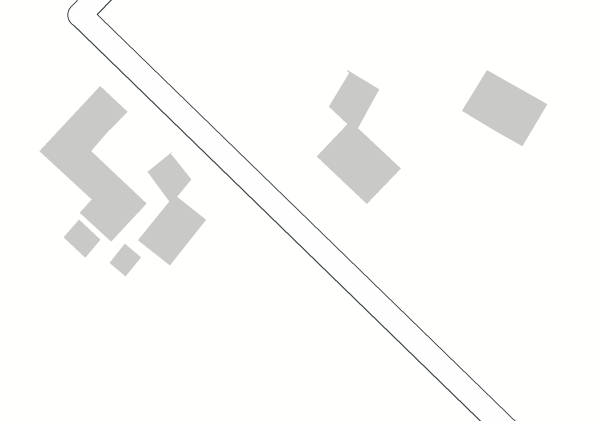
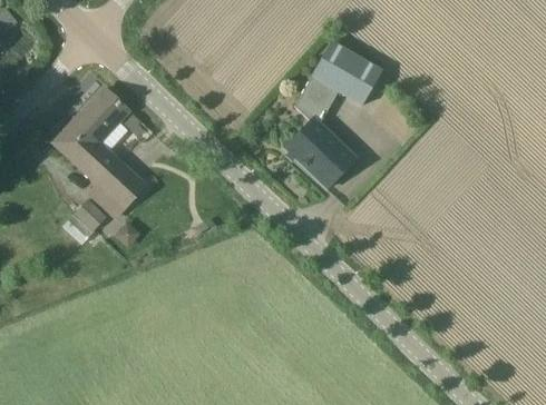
building: [461,69,548,147] -> [310,40,382,105]
building: [137,150,207,267] -> none

